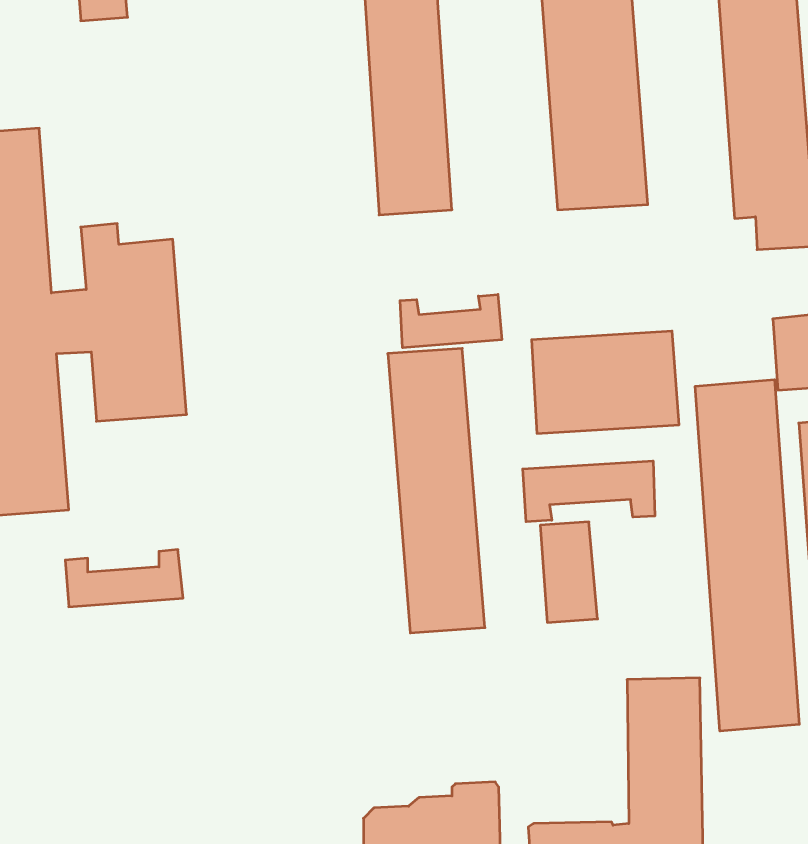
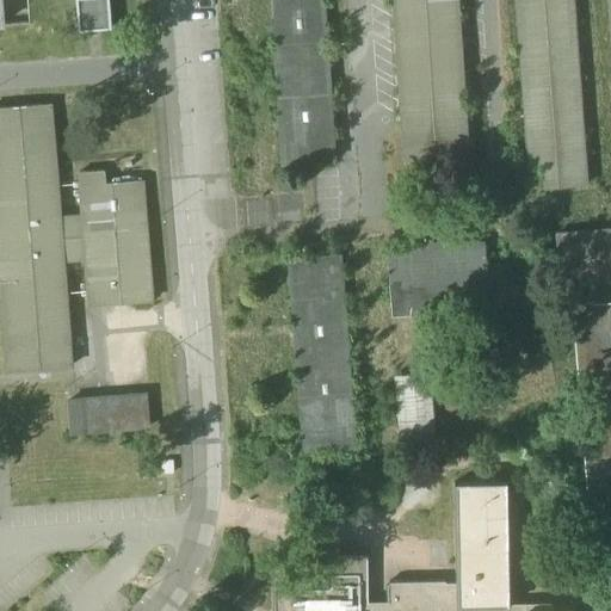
building: [400,294,502,348] -> none
building: [695,380,799,731] -> none
building: [523,461,655,522] -> none

